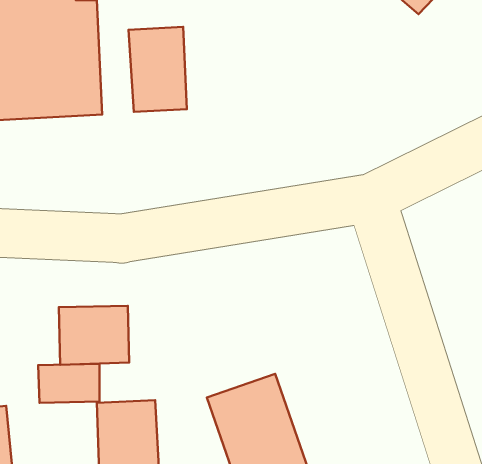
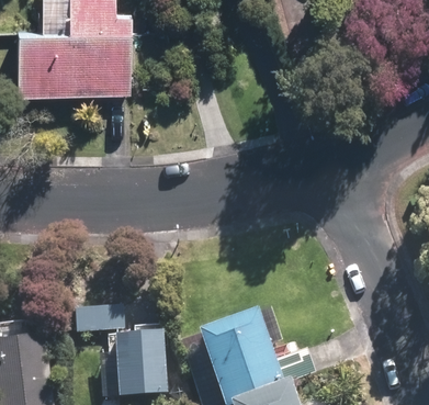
building: [129,27,187,112] -> none
building: [59,306,129,365] -> none

